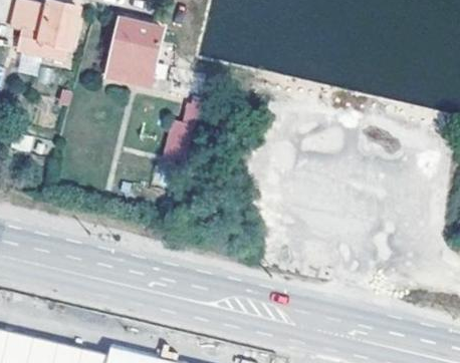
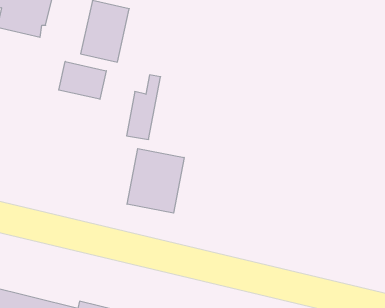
building: none -> [59,61,106,99]
building: none -> [127,149,184,213]

